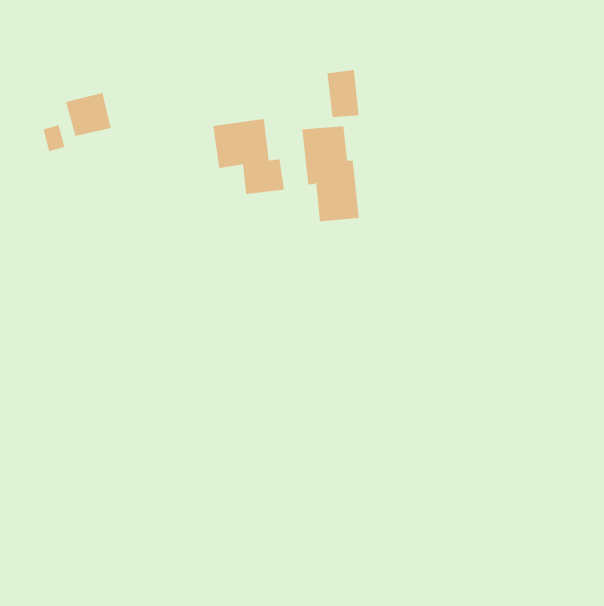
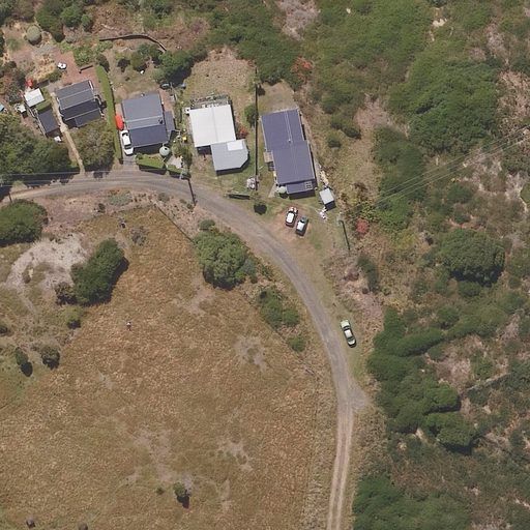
building: [327,69,359,118] -> none
building: none -> [124,94,167,147]

